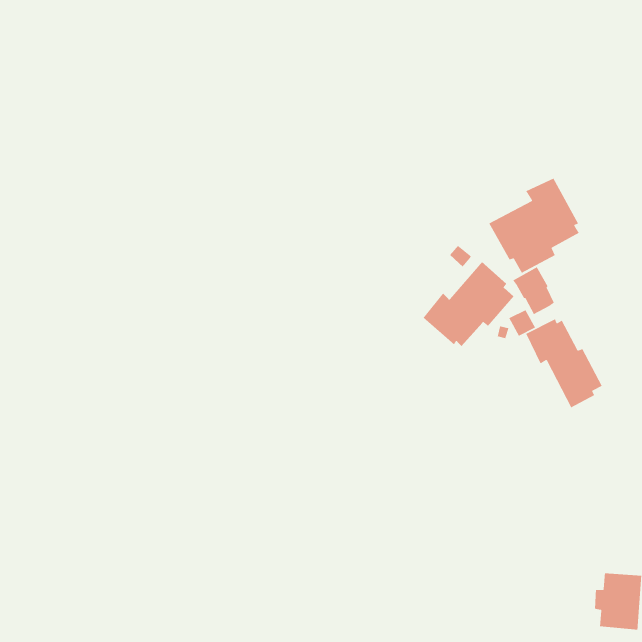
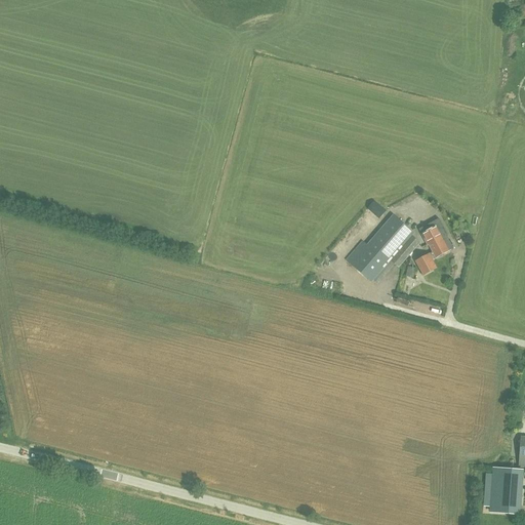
building: [488,178,580,274] -> none
building: [525,318,603,408] -> none

